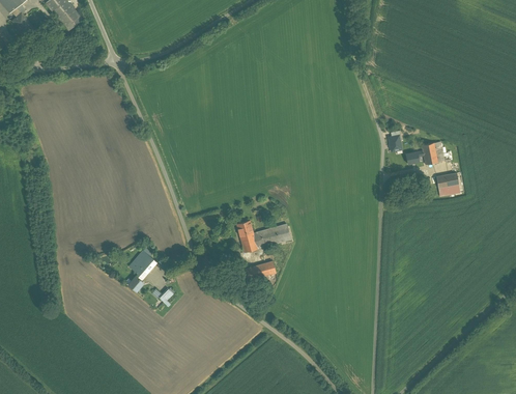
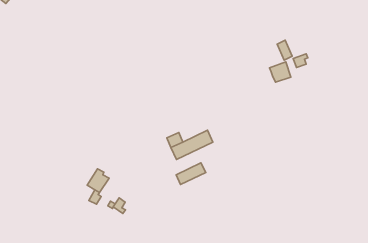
building: [420,141,443,164] -> [270,62,291,82]
building: [436,172,460,197] -> none

